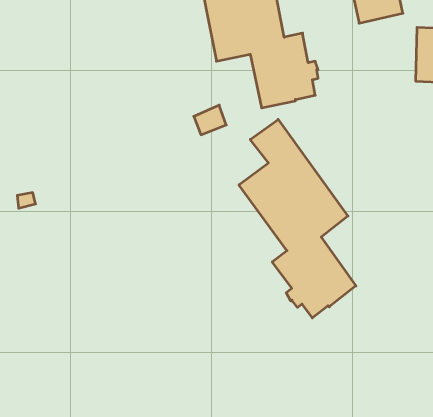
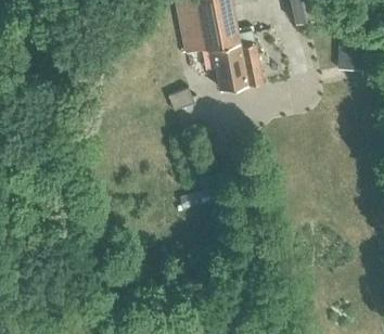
building: [239,119,356,318] -> none

